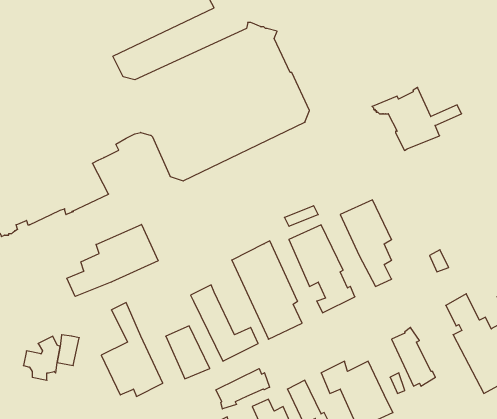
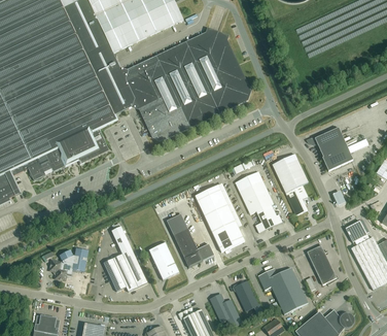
building: [372,87,462,150] -> [305,125,367,169]
building: [67,224,158,296] -> none
building: [216,369,270,409] -> none

